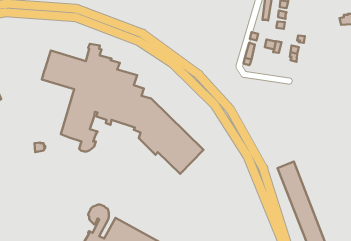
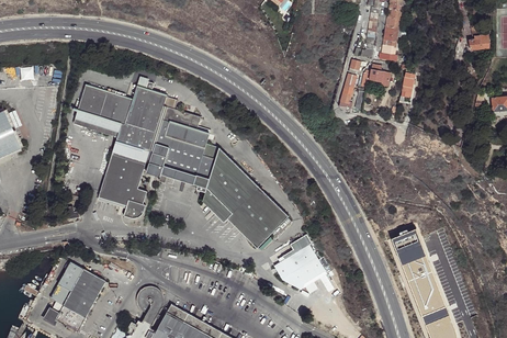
building: none -> [274,244,326,288]
building: none -> [47,261,106,331]

